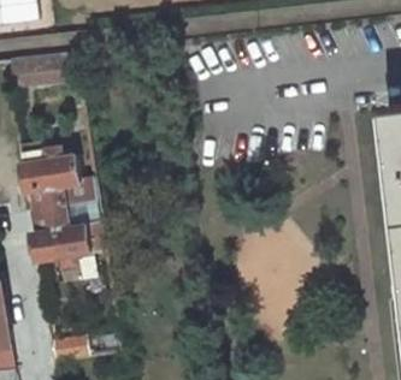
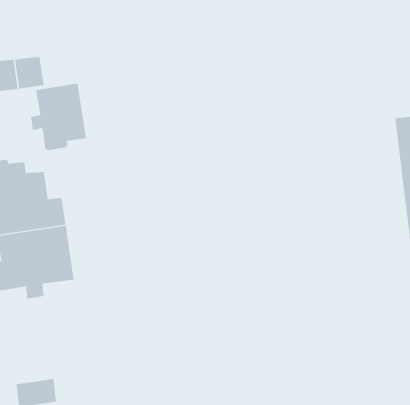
building: none -> [30,83,87,151]

